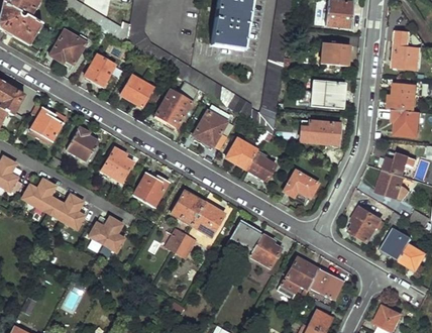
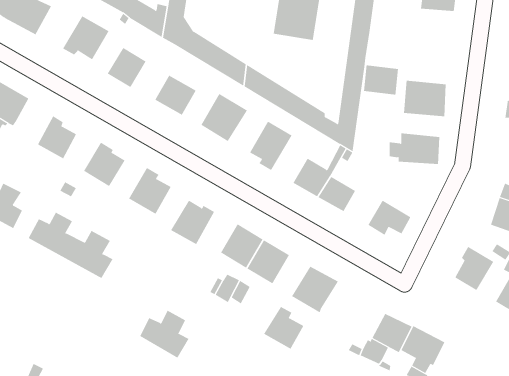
building: [321,41,348,65] -> [363,65,399,95]
building: [91,216,129,253] -> [140,310,190,358]
building: [248,233,280,266] -> [263,306,304,350]

